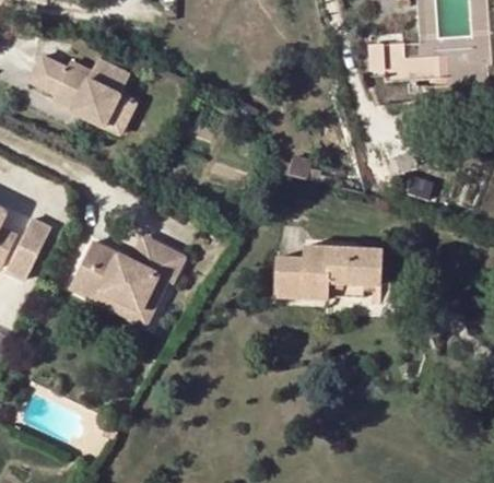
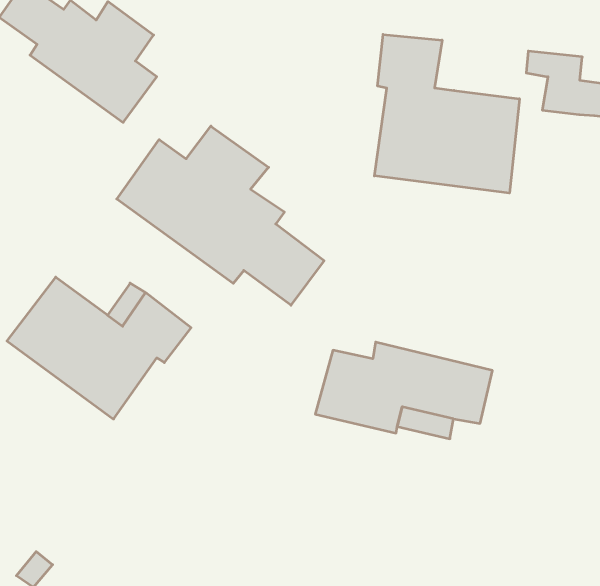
building: none -> [374,34,519,193]
building: none -> [117,126,324,305]

